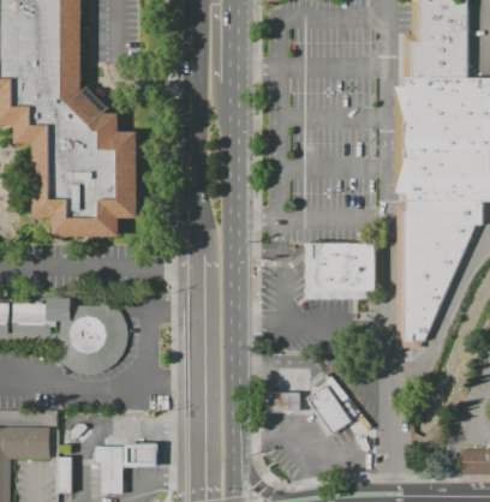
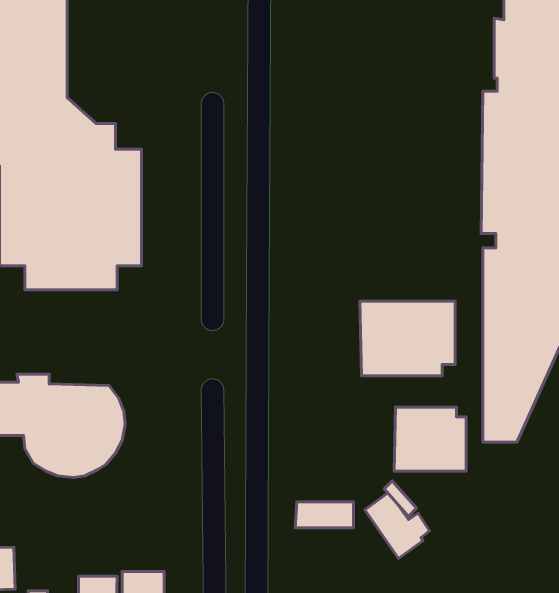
building: none -> [394,407,466,471]

